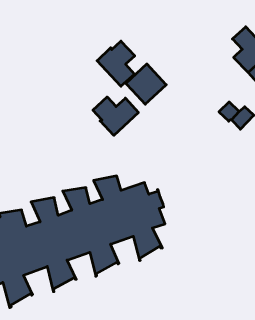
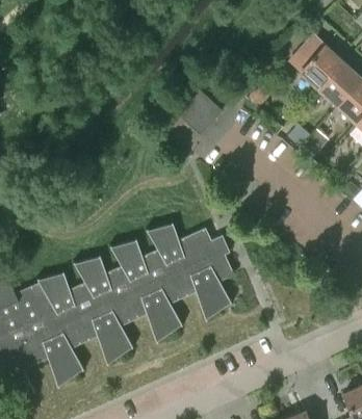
building: [97,41,135,86] -> none
building: [93,97,138,135] -> none

